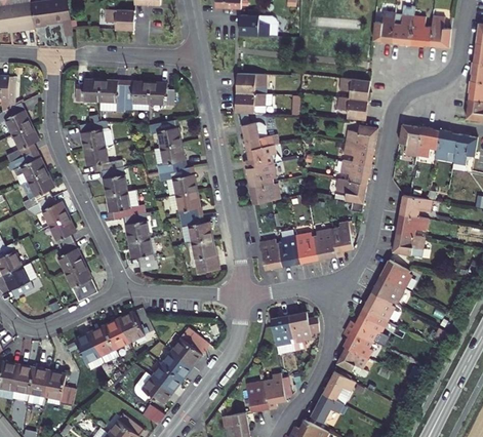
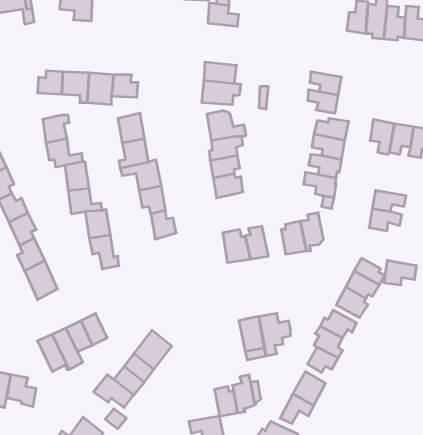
building: [293,227,316,257] -> none
building: [394,230,426,253] -> [384,260,417,285]
building: [190,235,216,273] -> none

